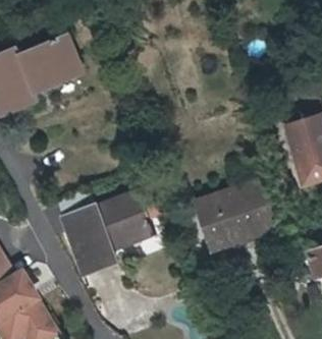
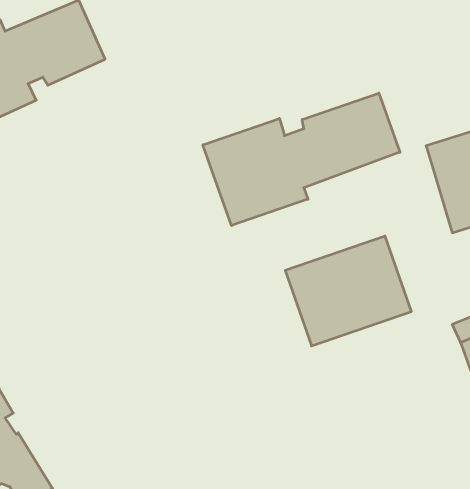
building: none -> [203,93,400,226]
building: [64,193,156,276] -> none

